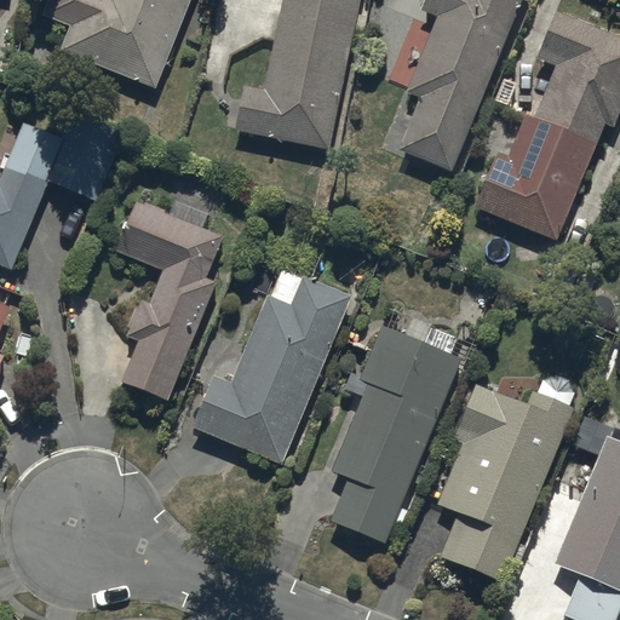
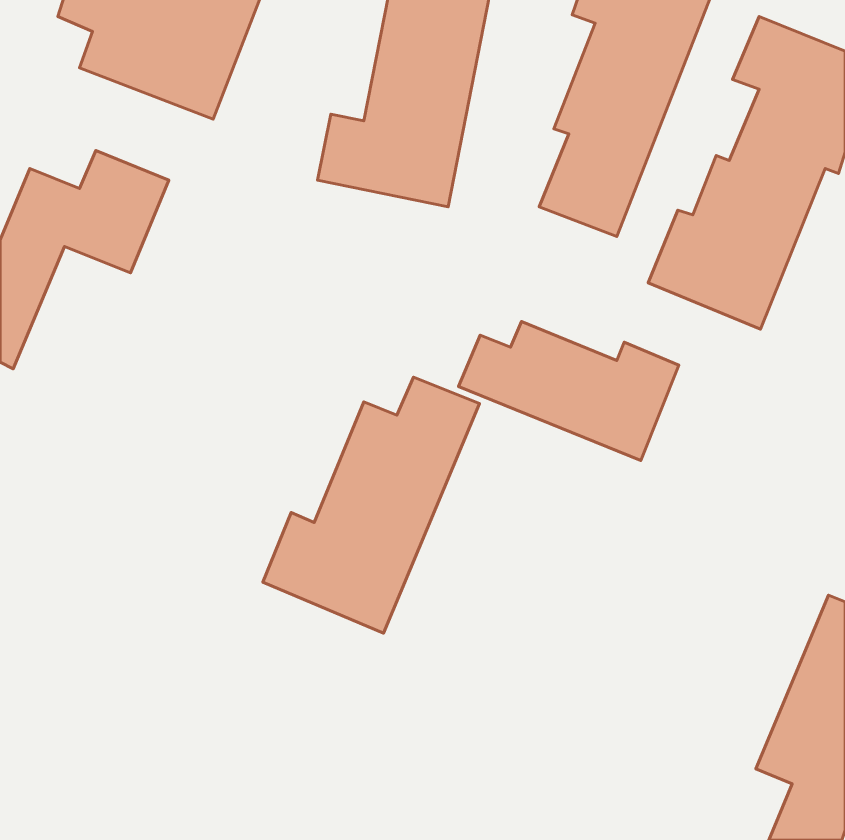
building: [114,201,222,401] -> none
building: none -> [458,321,679,460]
building: [329,326,460,544] -> none
building: [437,375,573,581] -> none

